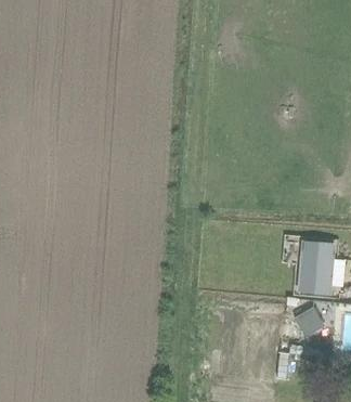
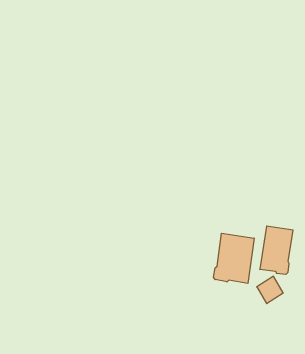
building: none -> [213,233,254,283]

